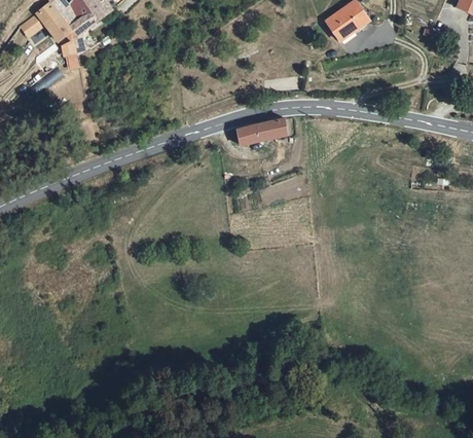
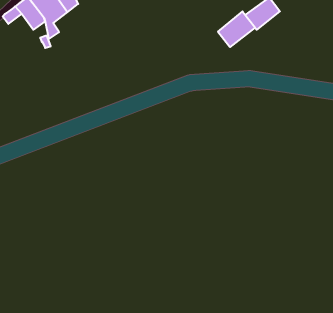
building: none -> [218,11,255,47]
building: [239,116,290,148] -> none

